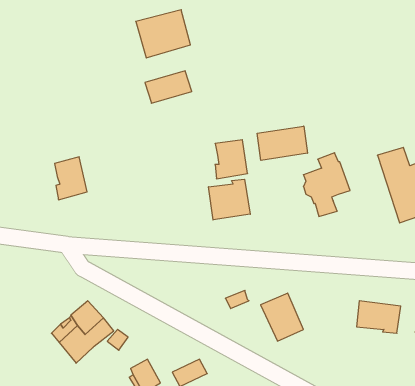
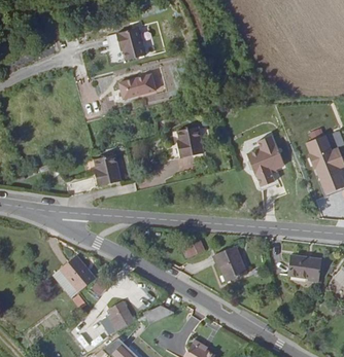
building: [257,126,307,160] -> none
building: [55,157,87,200] -> [95,154,121,188]
building: [209,179,250,220] -> none

